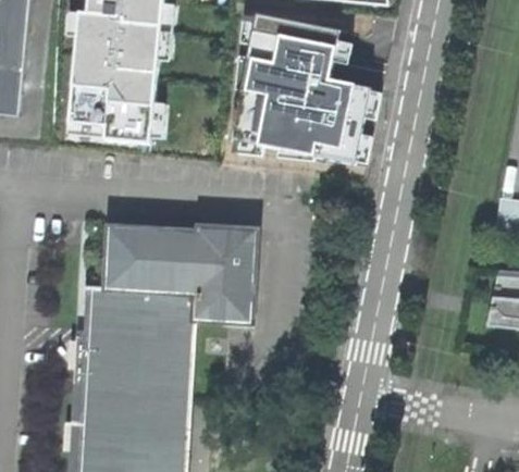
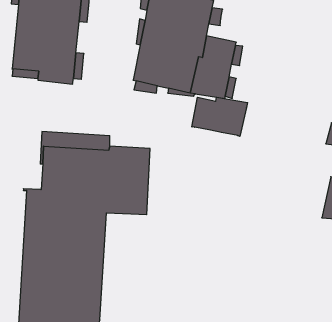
building: none -> [192,97,248,136]

